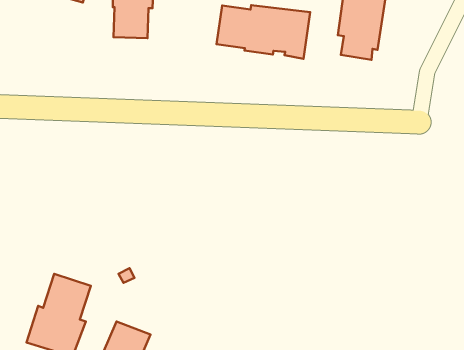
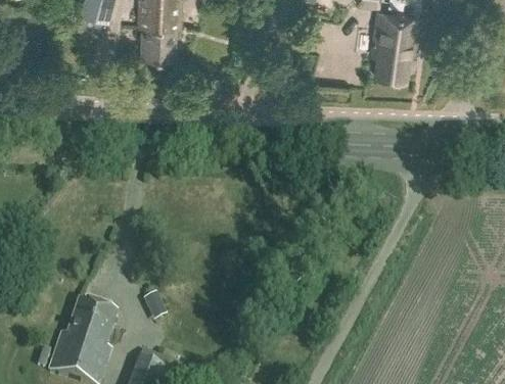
building: [216,5,310,59] -> none

